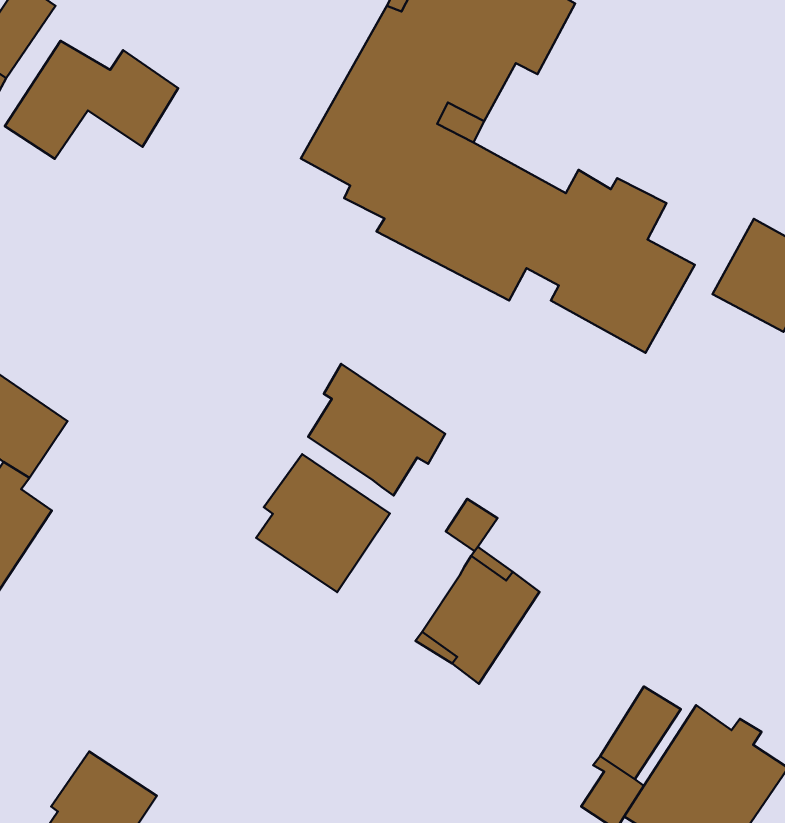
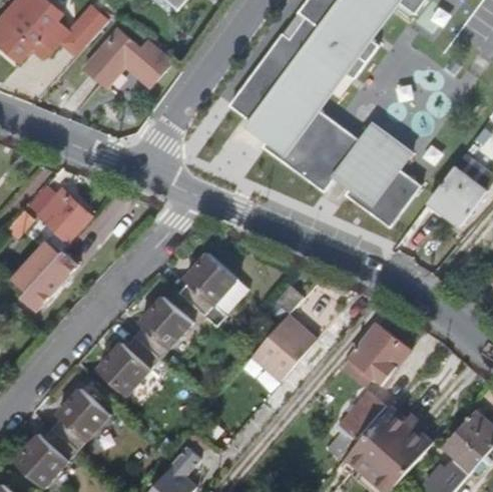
building: [308,364,445,496] -> none
building: none -> [97,295,194,396]
building: none -> [345,327,409,386]

